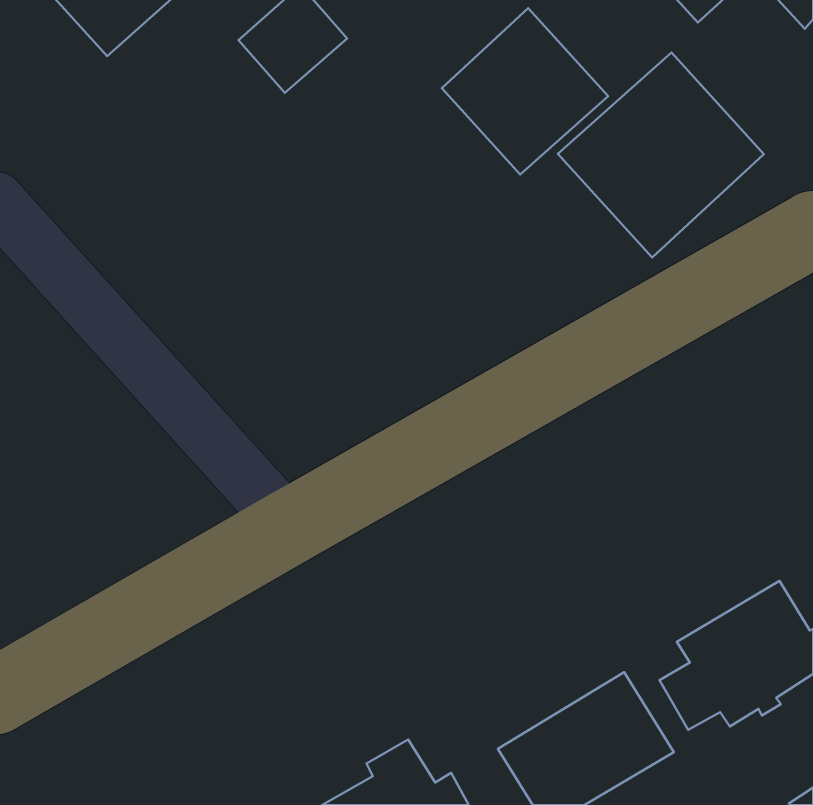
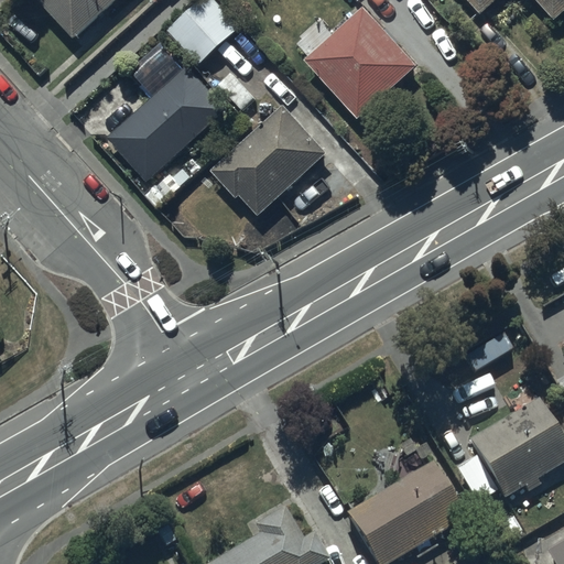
building: [558,53,764,258] -> none
building: none -> [107,57,227,181]
building: none -> [210,106,327,216]

